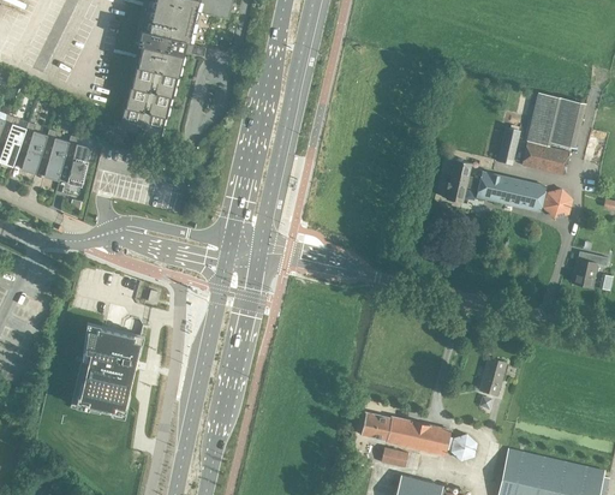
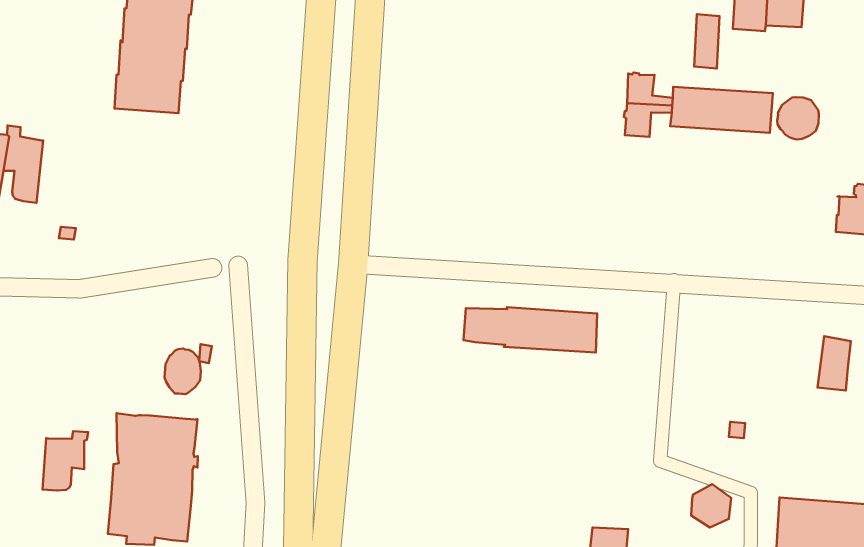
building: [64,136,91,186] -> none
building: [521,142,569,174] -> none
building: none -> [165,348,201,394]
building: none -> [42,431,88,490]
building: [479,357,506,394] -> [817,336,851,391]
building: [362,413,450,455] -> [464,307,597,353]

